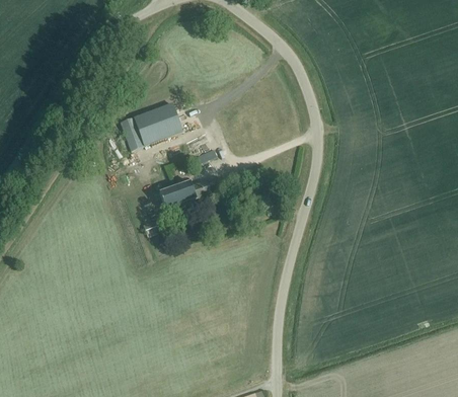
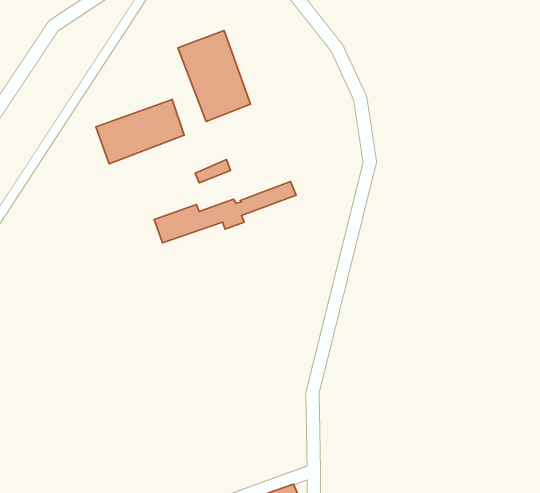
building: none -> [178,31,250,121]

